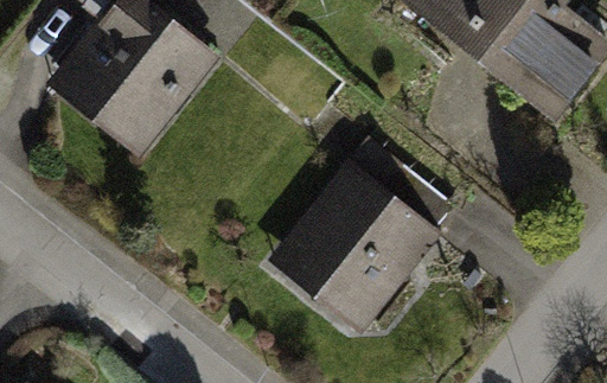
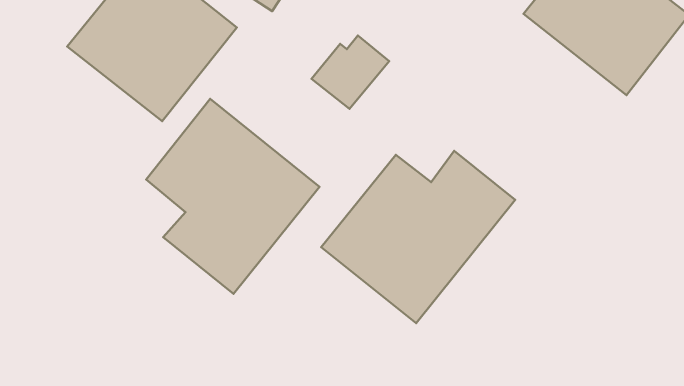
building: none -> [146,99,319,294]

